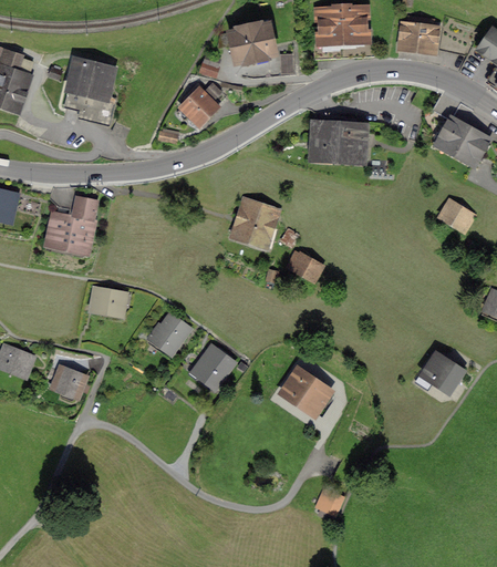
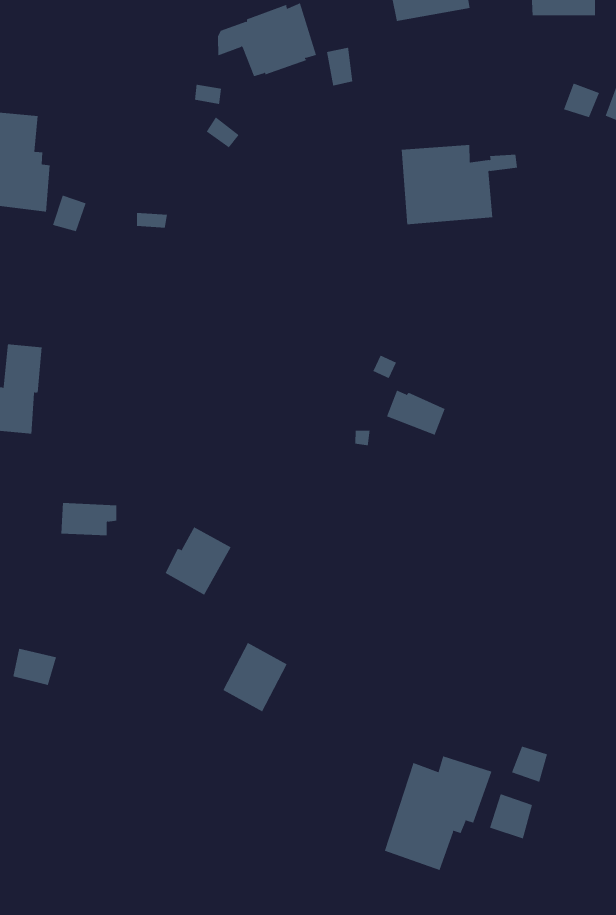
building: [177,83,215,124] -> none
building: [230,199,277,248] -> none
building: [194,347,232,388] -> [223,642,287,712]
building: [283,372,328,414] -> none
building: none -> [384,756,492,871]

